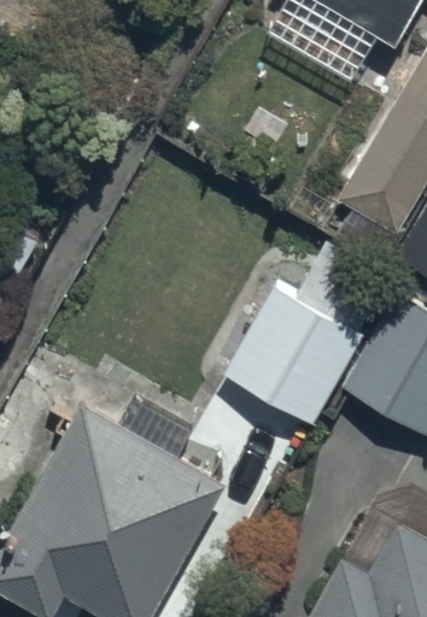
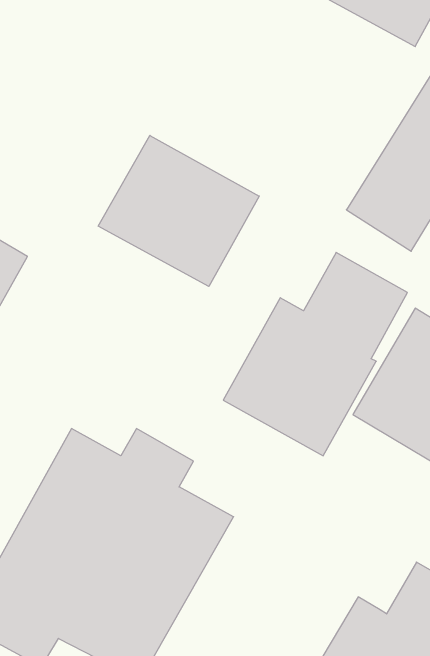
building: none -> [98,135,259,286]

